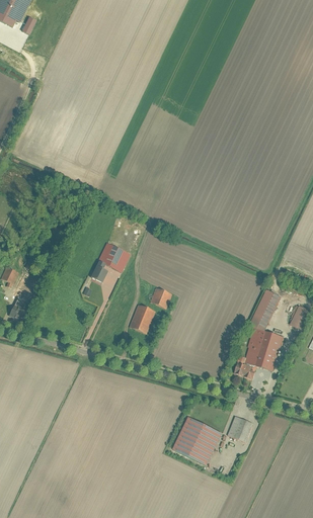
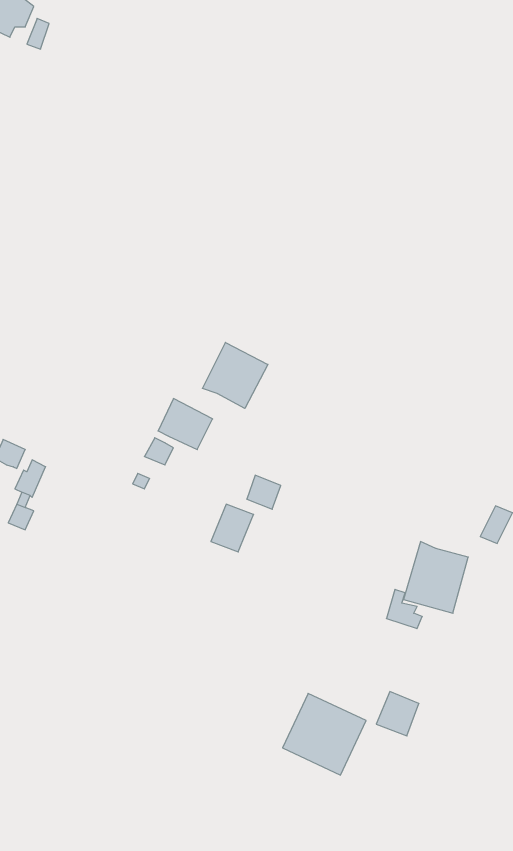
building: none -> [202,342,268,408]
building: [249,290,280,331] -> none

